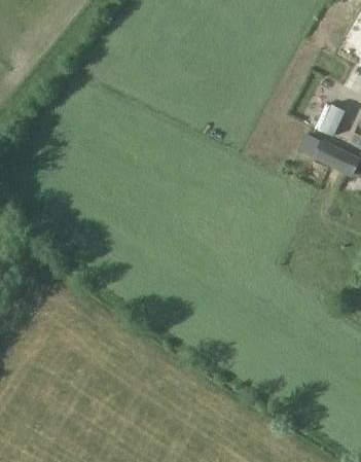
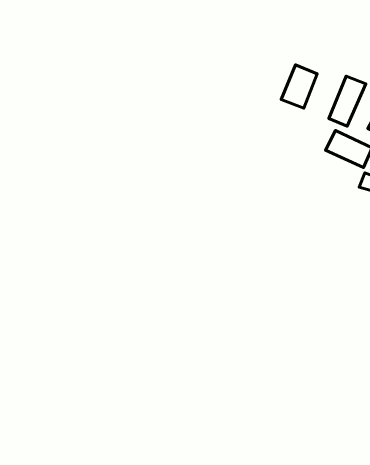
building: none -> [281,65,317,108]

